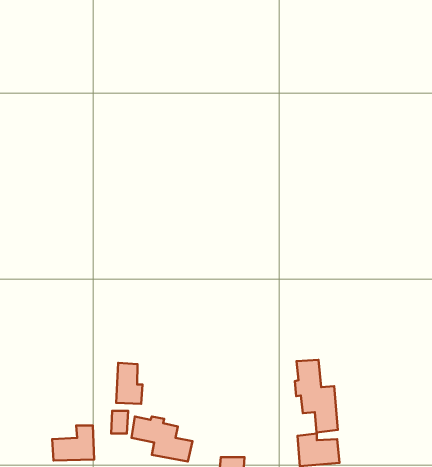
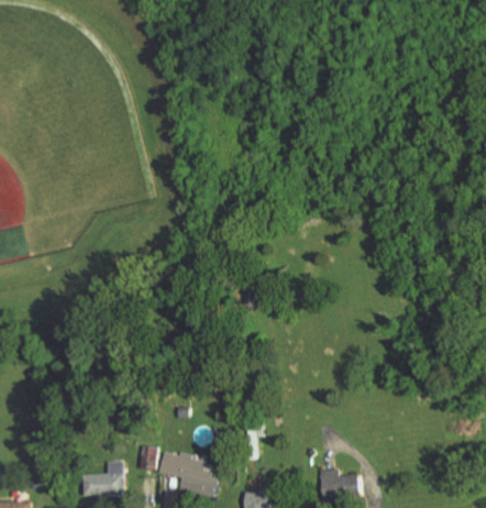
building: [295,360,338,432] -> none
building: [116,363,143,404] -> none

